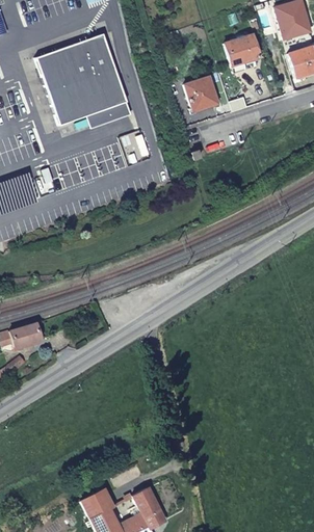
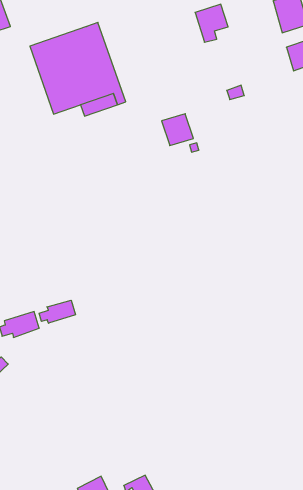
building: [229,36,262,75] -> [195,4,228,42]
building: [187,80,219,112] -> [162,114,193,146]
building: none -> [39,300,76,323]

